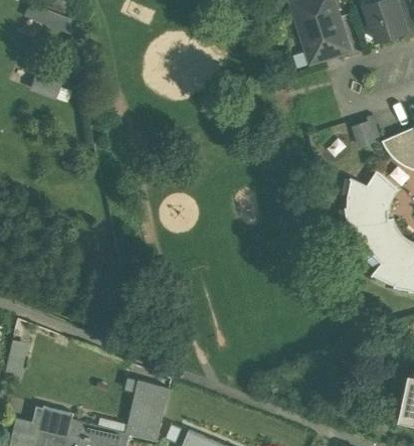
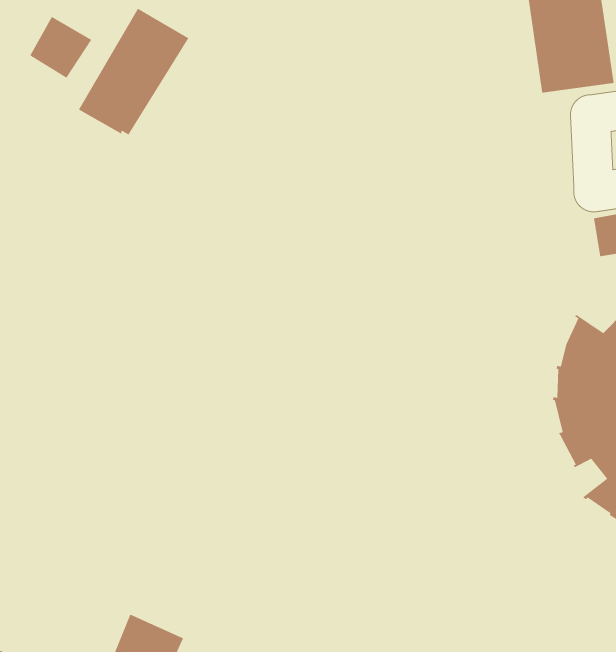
building: none -> [78,8,189,135]

